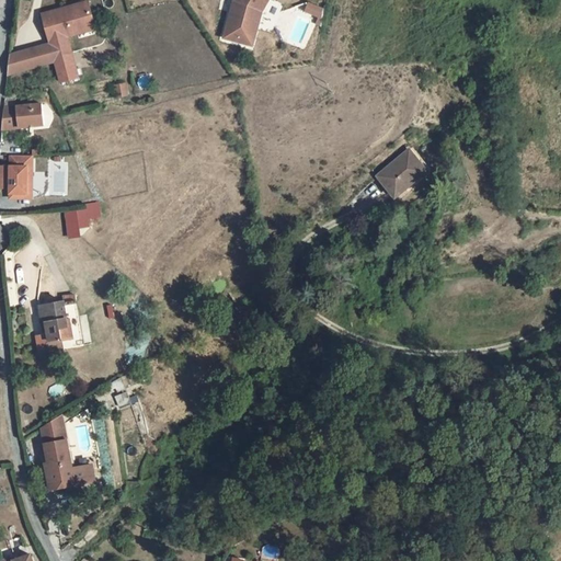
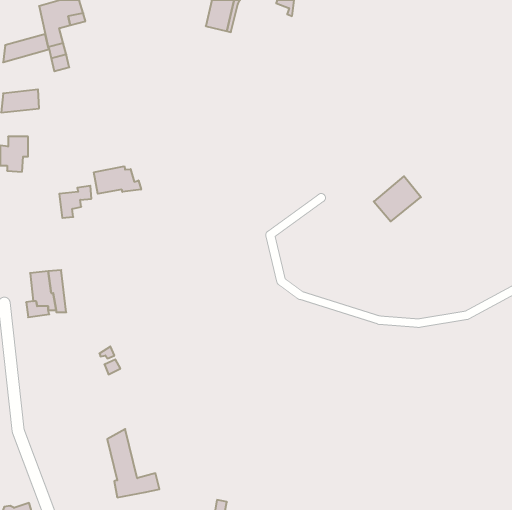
building: [378,152,430,202] -> [374,176,421,221]
building: none -> [94,166,141,194]
building: [39,417,96,492] -> [107,429,159,497]

